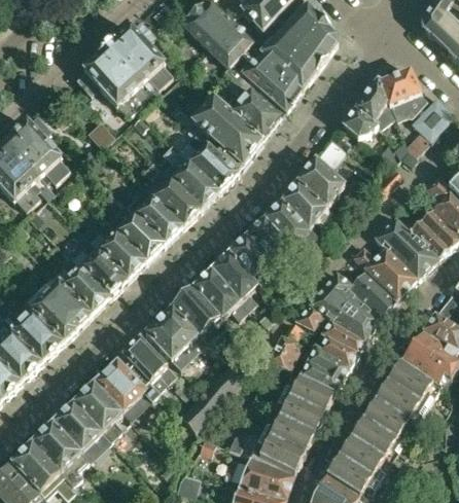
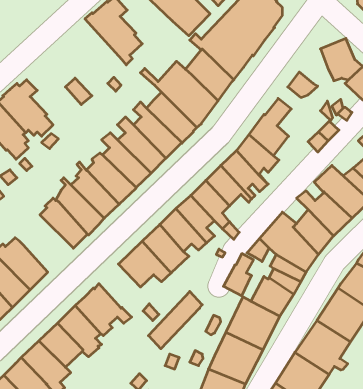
building: [75,46,148,116] -> none
building: [355,78,394,127] -> none
building: [25,275,92,343] -> none
building: [121,336,175,384] -> none

